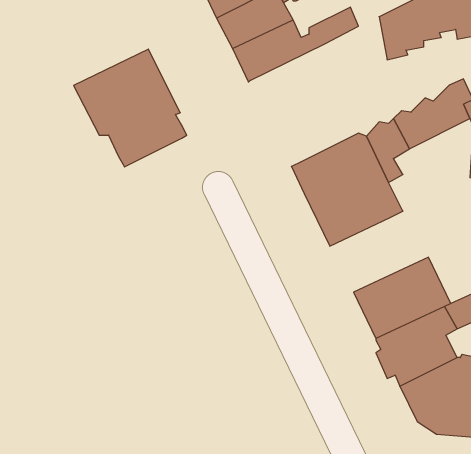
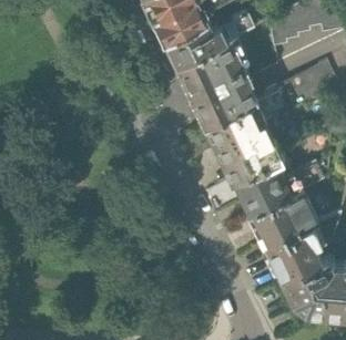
building: [74,49,187,167] -> [179,42,257,124]
building: none -> [234,163,325,215]

